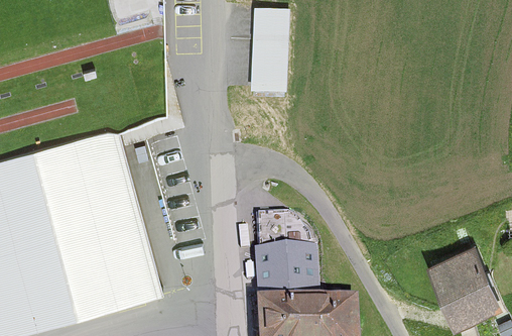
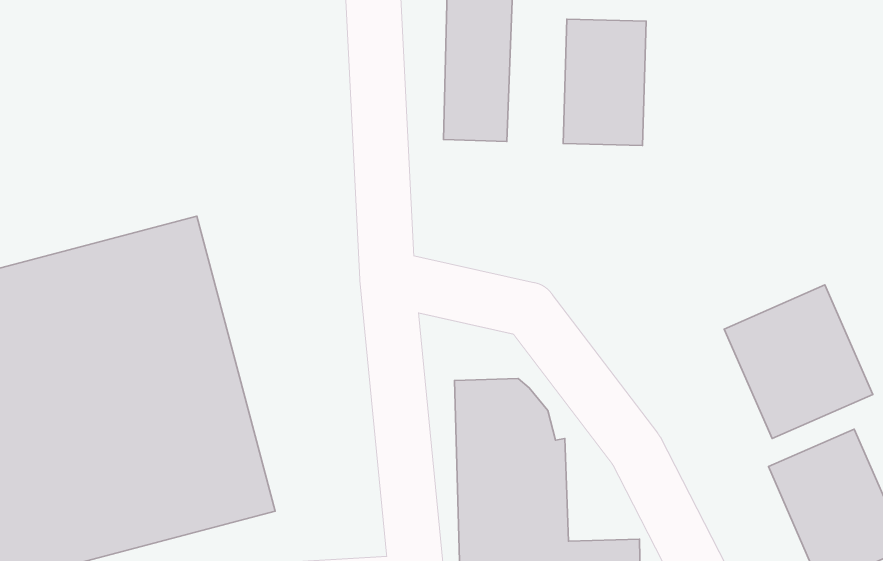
building: none -> [563,19,646,146]
building: none -> [724,285,873,439]

